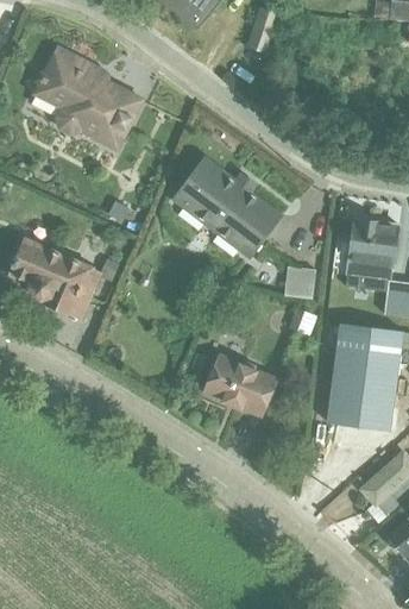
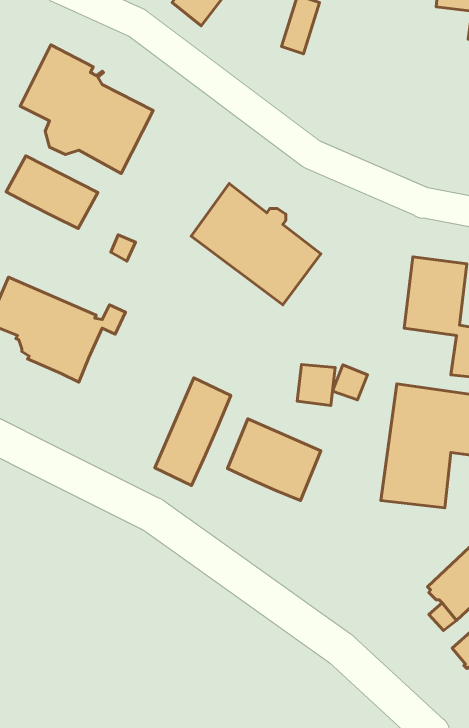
building: none -> [6,156,98,228]
building: [283,264,314,297] -> [297,365,335,406]
building: none -> [155,378,231,485]

